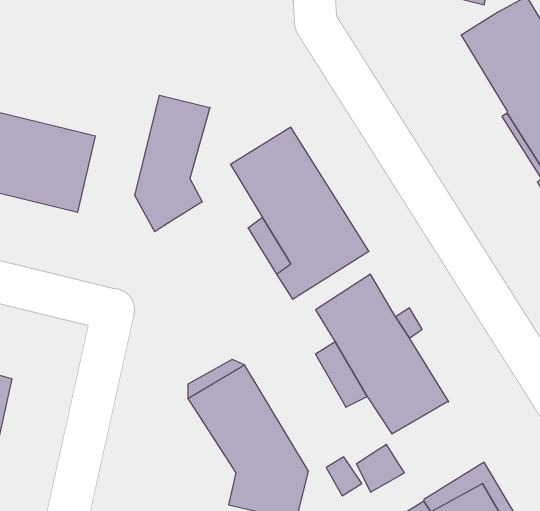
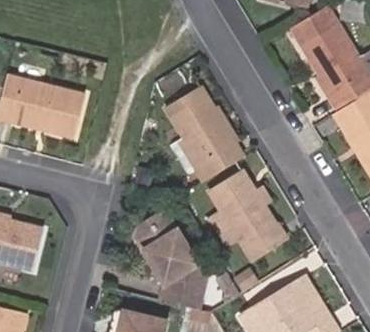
building: [135,95,210,232] -> none

